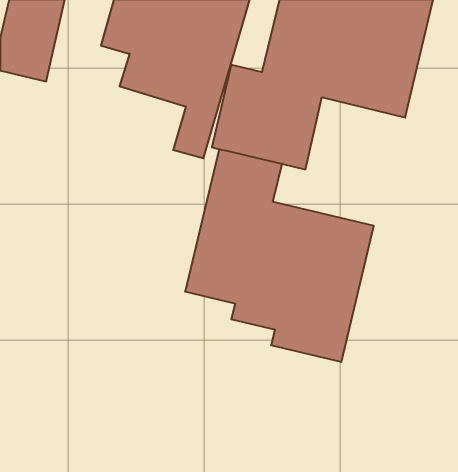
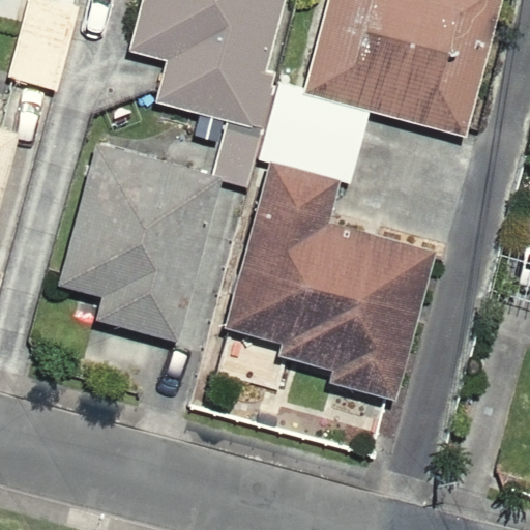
building: none -> [51,143,216,333]

